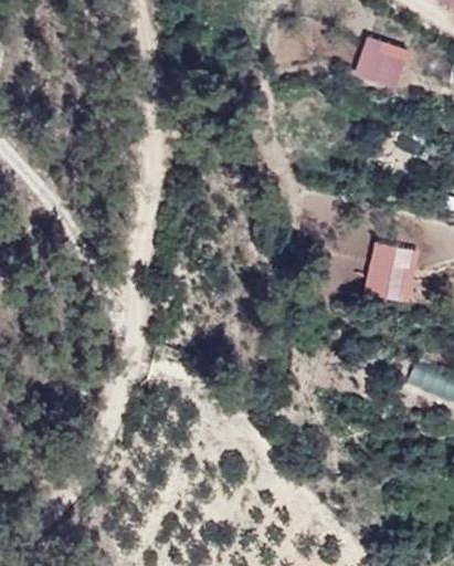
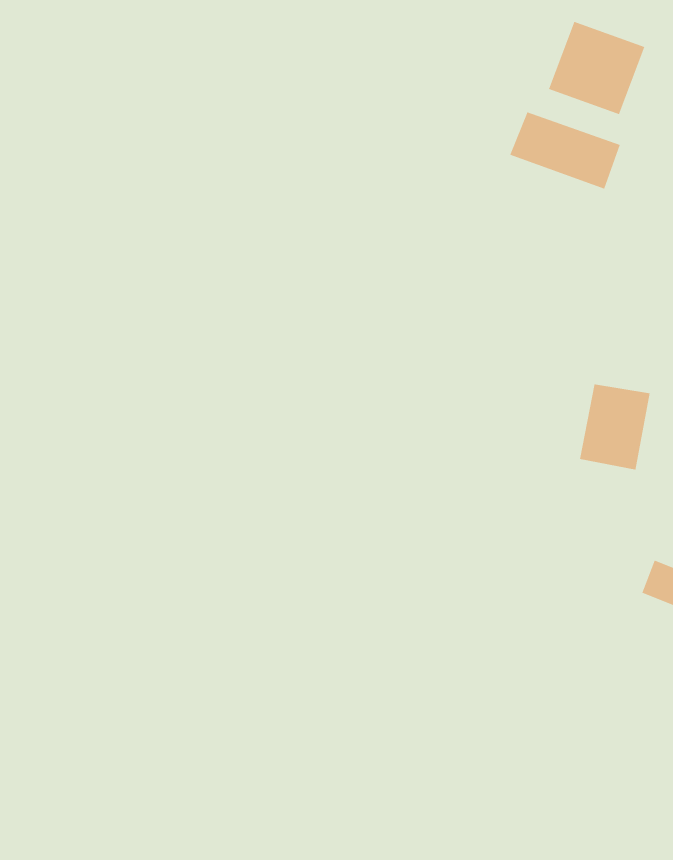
building: none -> [509,111,620,190]

